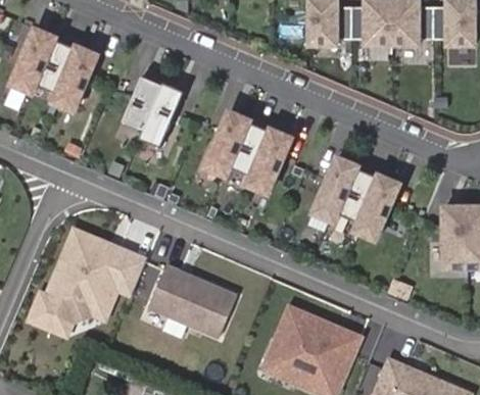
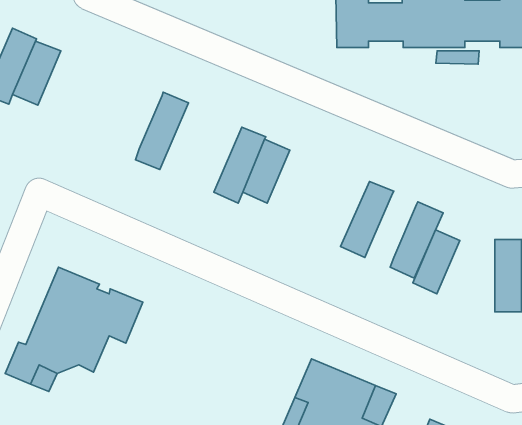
building: [52,44,97,109] -> none
building: [122,75,161,129] -> none
building: [246,128,291,192] -> none
building: [337,166,377,220] -> [413,230,460,294]
building: [148,264,235,336] -> none

